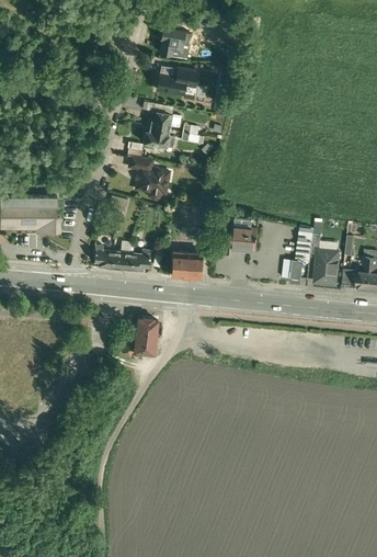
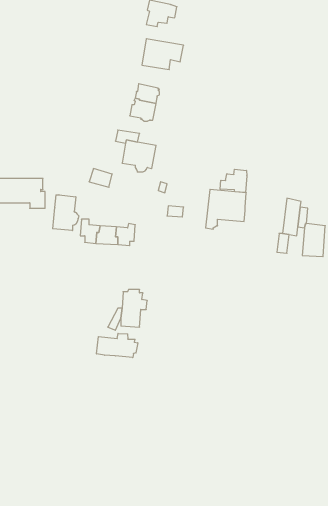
building: none -> [220,169,247,193]
building: none -> [53,195,79,231]
building: [171,251,204,275] -> none
building: none -> [97,333,138,358]

